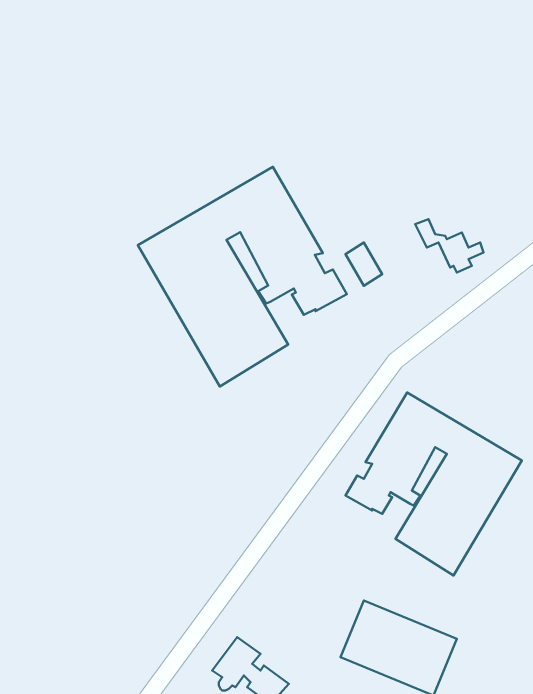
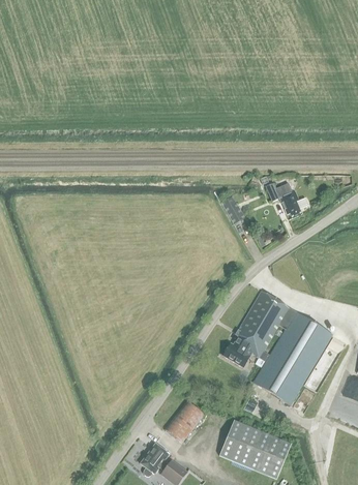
building: [138,167,347,387] -> none
building: none -> [163,401,203,443]

